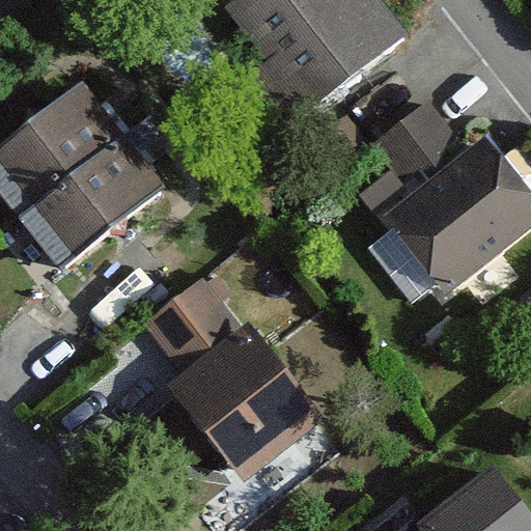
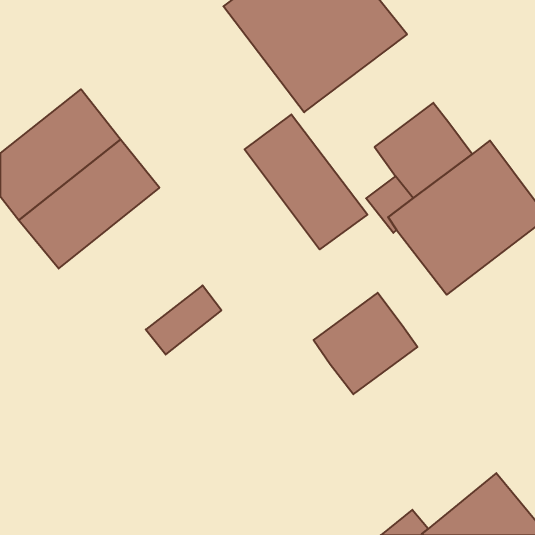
building: none -> [245,114,367,249]
building: none -> [314,293,417,394]
building: [169,325,320,481] -> none

